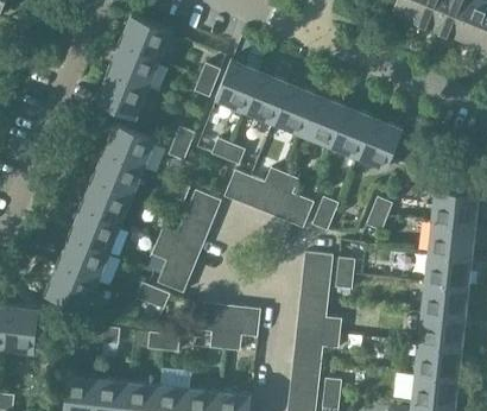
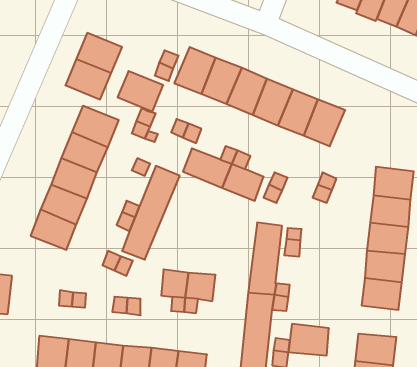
building: [120,17,170,61] -> [118,71,163,111]
building: [46,266,97,311] -> none
building: [416,342,460,377] -> [289,324,329,355]

